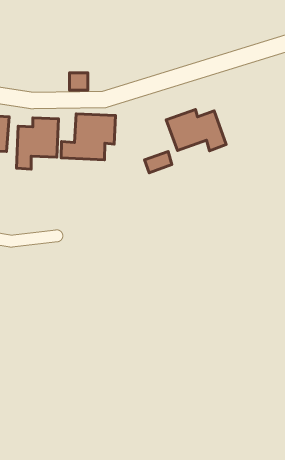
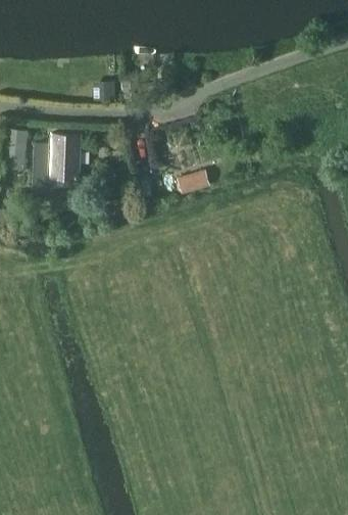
building: [166,109,226,151] -> none
building: [61,114,116,160] -> none

